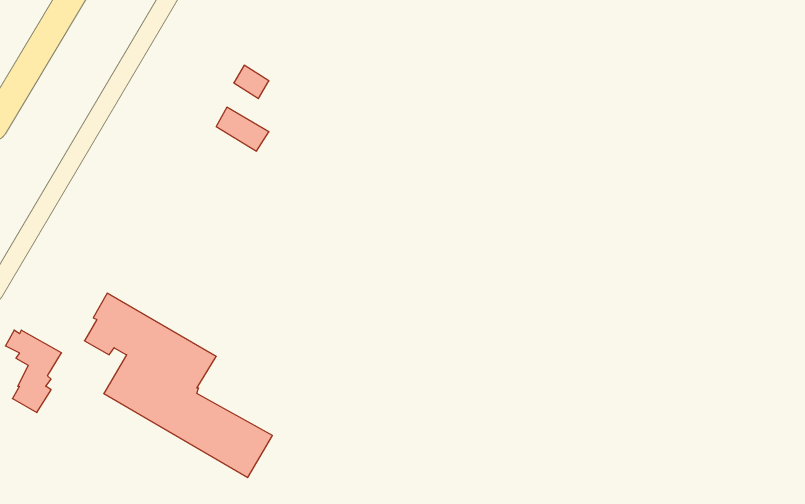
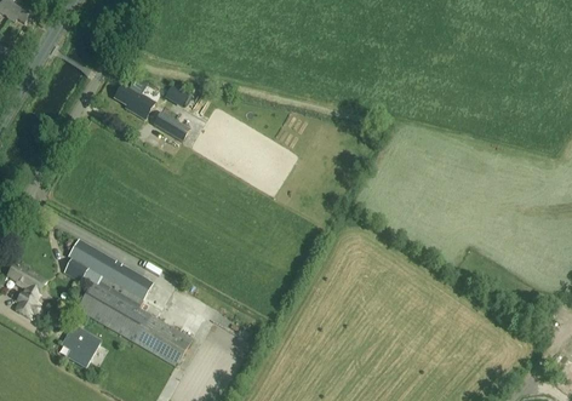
building: none -> [115,86,154,118]
building: none -> [62,322,102,367]

